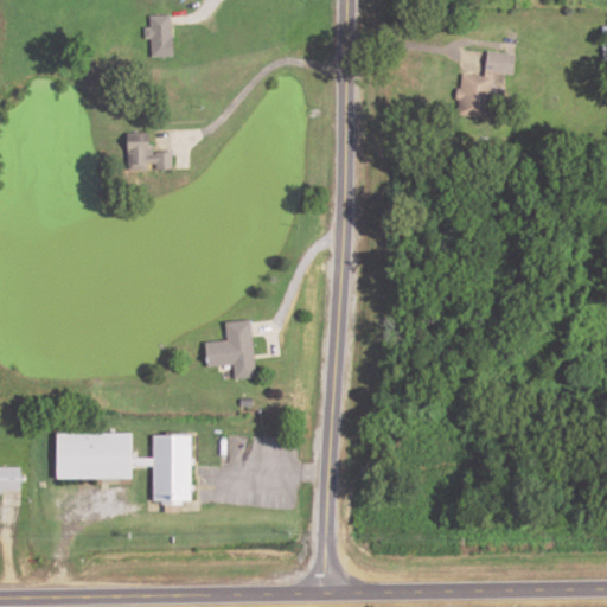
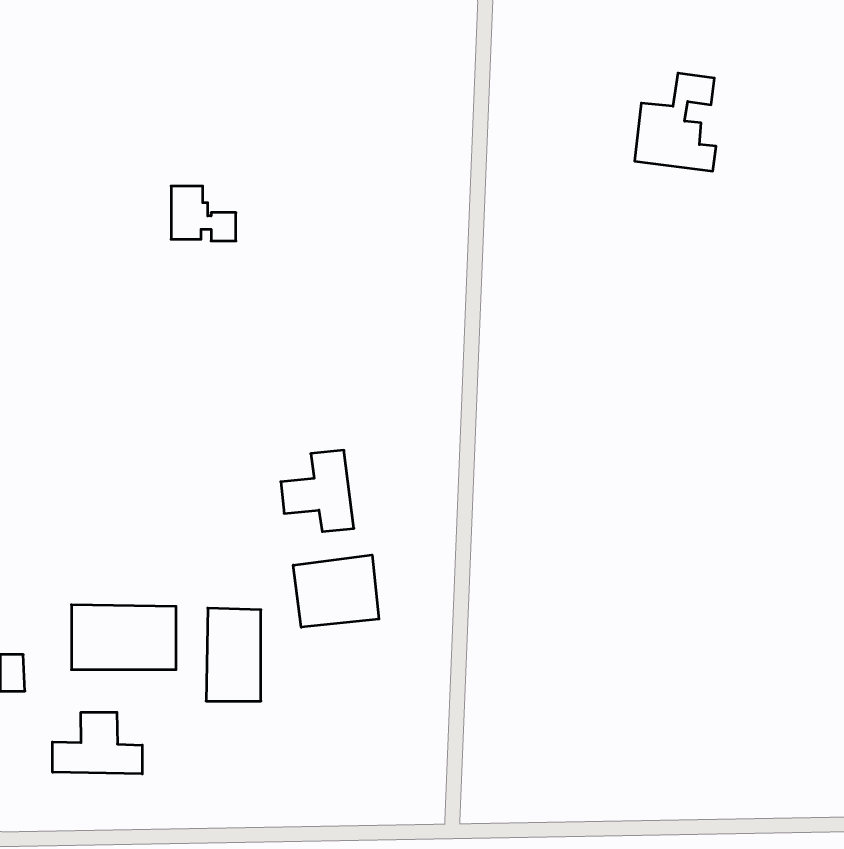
building: [145,15,172,56] -> none
building: none -> [293,555,379,627]
building: none -> [52,712,142,774]

